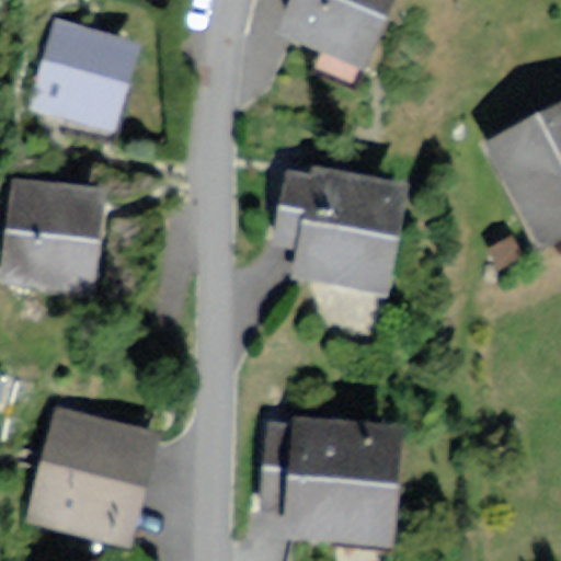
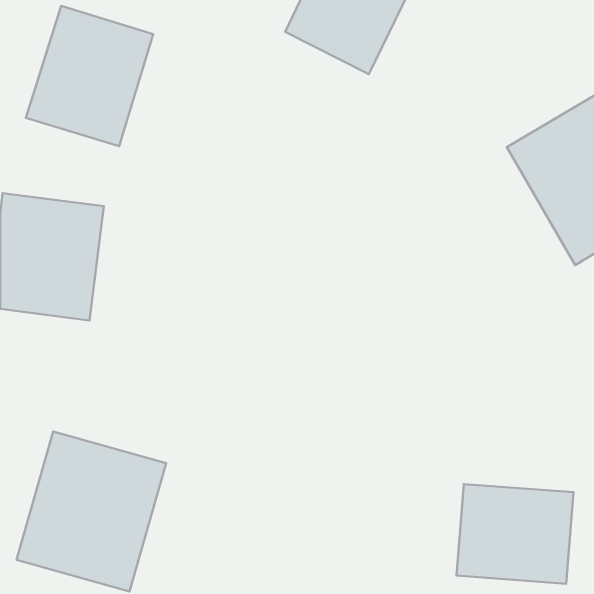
building: [274,170,391,295] -> none
building: [274,409,397,548] -> none
building: none -> [457,484,573,584]

